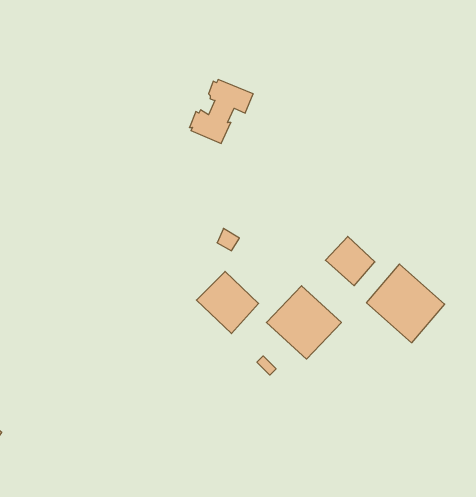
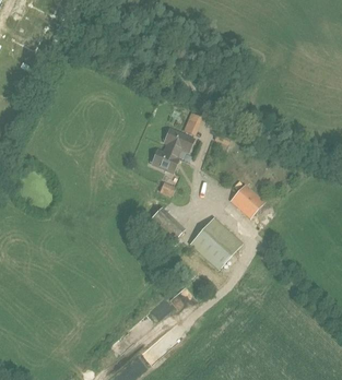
building: [189,80,253,143] -> [151,128,194,171]
building: [367,264,445,343] -> none

